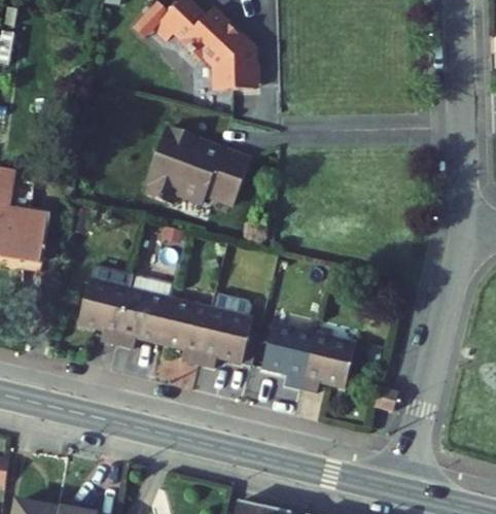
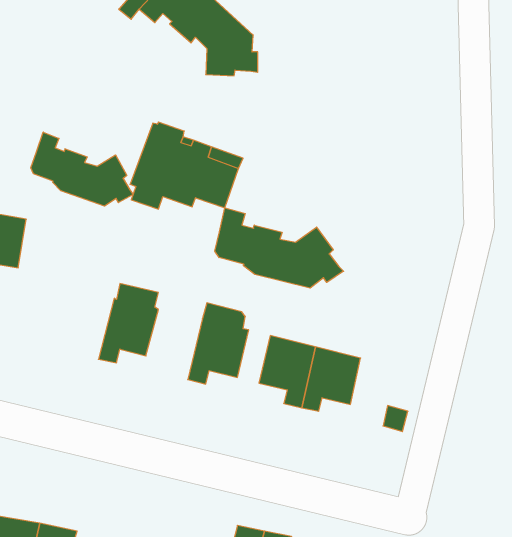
building: none -> [31,132,133,206]
building: none -> [215,208,344,288]
building: [77,281,130,347] -> none
building: [158,302,210,366] -> none

